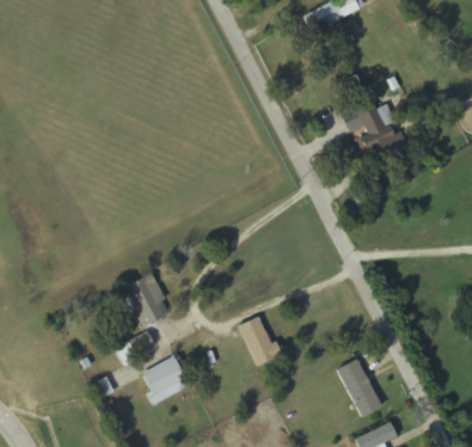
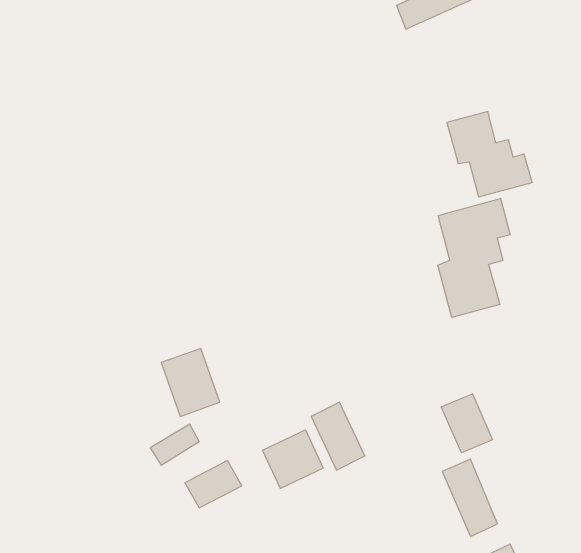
building: none -> [438,198,510,318]
building: none -> [441,394,493,453]
building: none -> [263,430,323,488]

